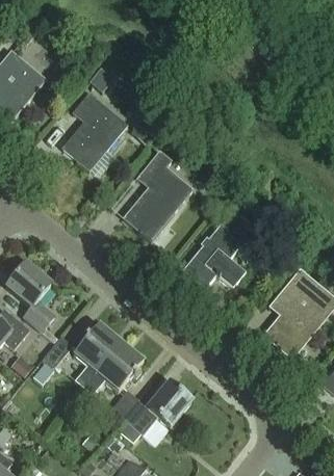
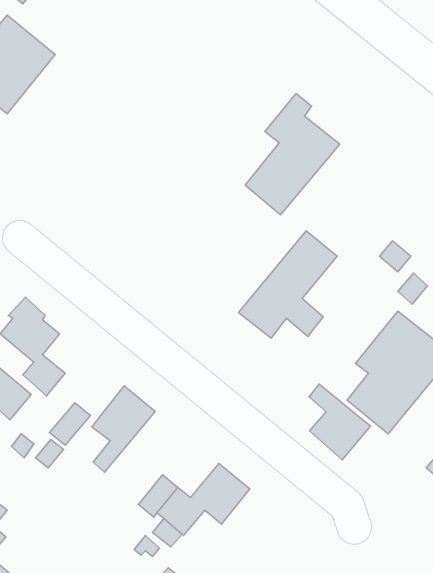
building: [62,94,127,170] -> none
building: [122,151,191,240] -> [245,94,340,215]
building: none -> [309,384,370,460]
building: [79,342,144,399] -> none

